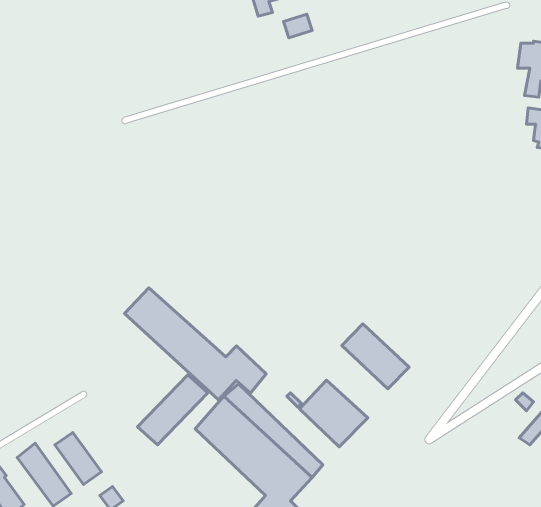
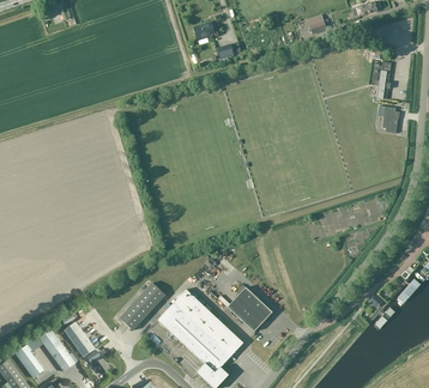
building: [125,288,266,400] -> none
building: [342,324,409,389] -> none

